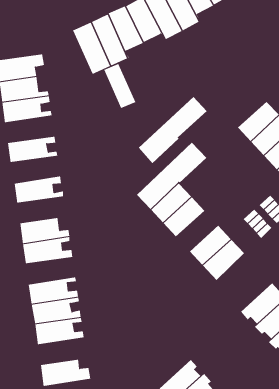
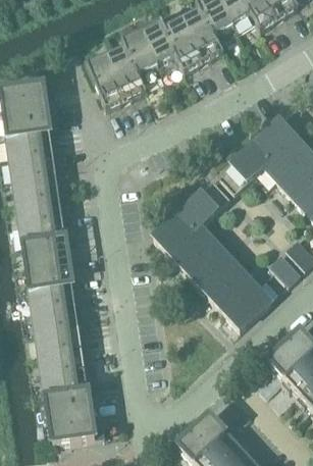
building: [103,63,136,109] -> none
building: [138,96,208,164] -> [217,119,293,193]
building: none -> [9,151,64,180]
building: none -> [15,195,70,224]
building: none -> [22,239,74,267]
building: none -> [195,254,241,298]
building: none -> [32,304,87,333]
building: none -> [45,391,97,420]

